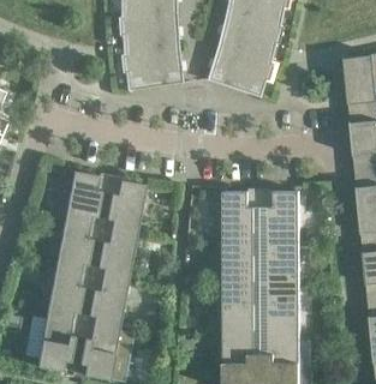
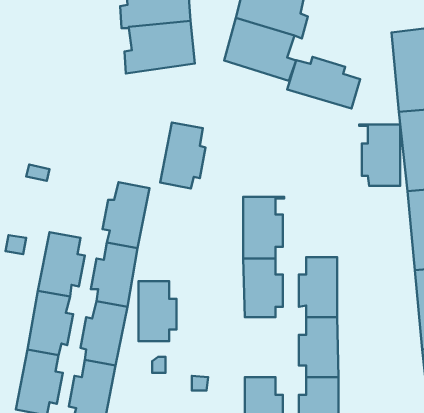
building: none -> [287,57,360,108]
building: [64,172,101,226] -> [160,122,206,188]
building: [265,191,299,241] -> [359,124,400,186]
building: [223,290,255,340] -> [139,281,177,341]

